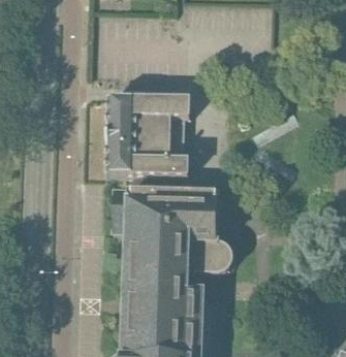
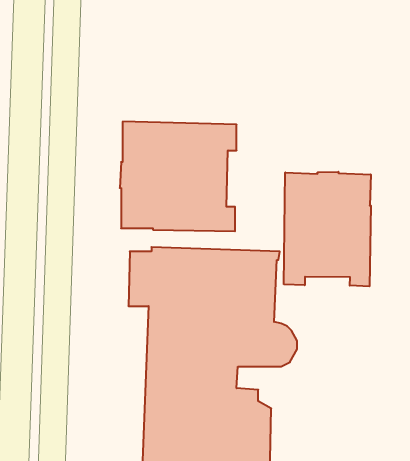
building: none -> [284,172,371,286]

